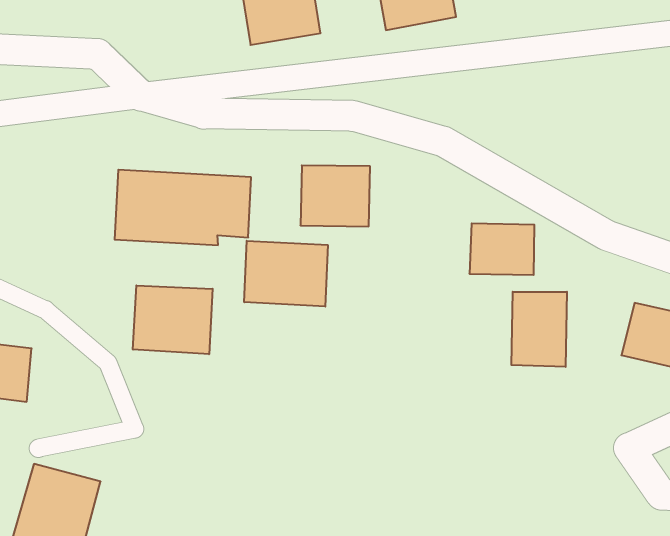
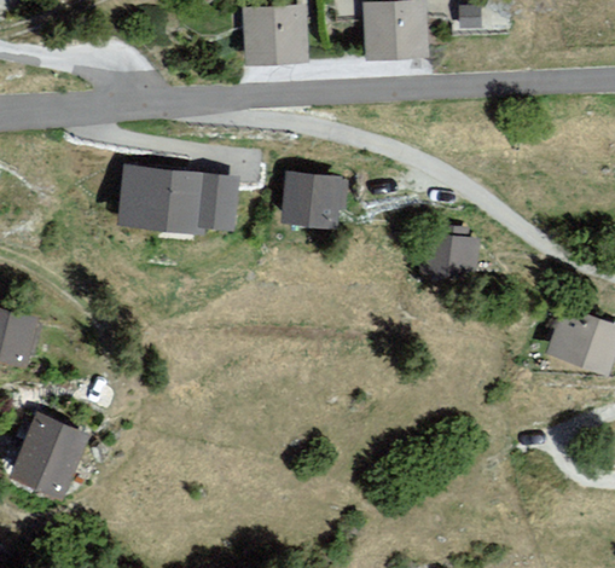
building: [244,241,328,307] -> none
building: [133,285,213,354] -> none
building: [511,292,567,367] -> none

